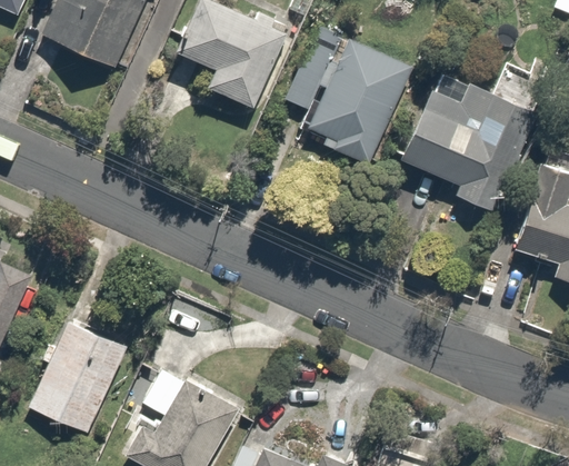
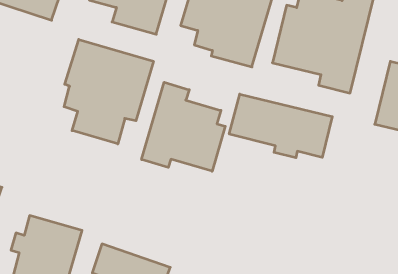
building: none -> [64,39,153,144]
building: none -> [142,82,225,171]
building: none -> [229,94,332,158]

